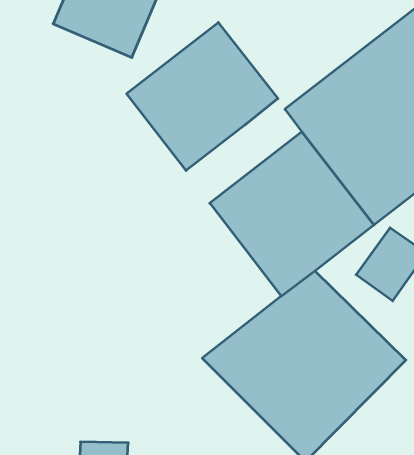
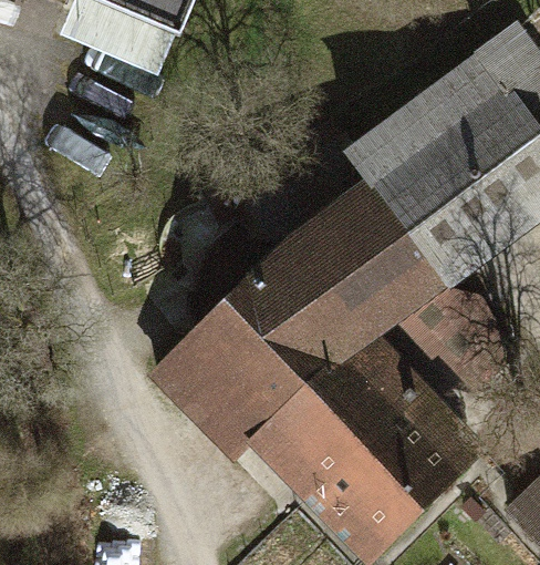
building: [127,22,278,171] -> none
building: none -> [146,261,341,464]

